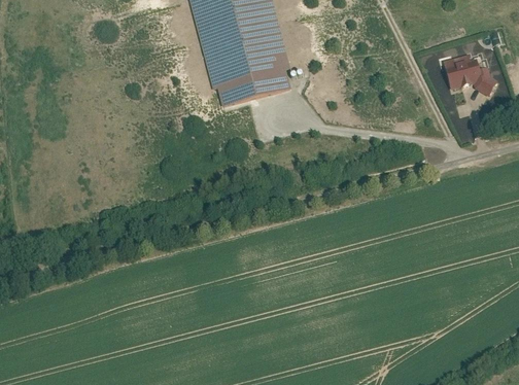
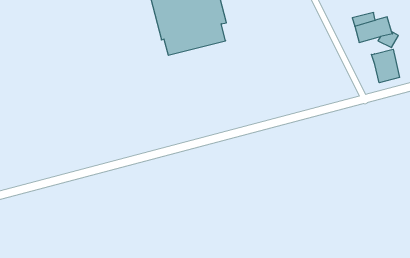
building: none -> [371,49,400,83]

